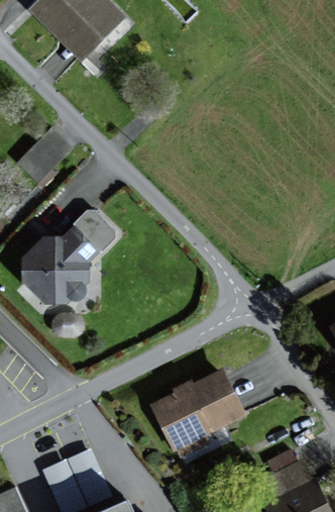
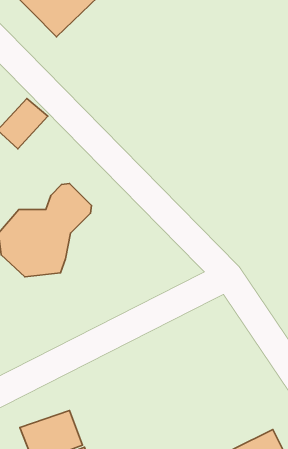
building: [152,374,240,457] -> none

